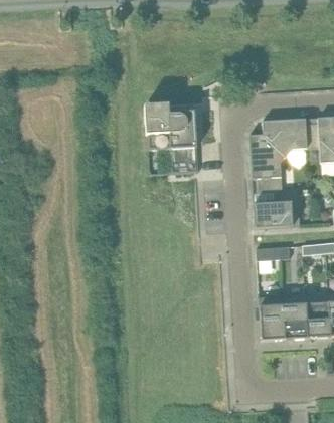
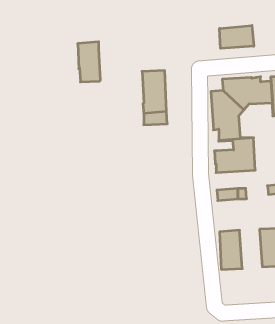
building: none -> [220,25,254,48]
building: [146,103,172,150] -> [78,42,100,82]
building: [283,293,309,339] -> none

